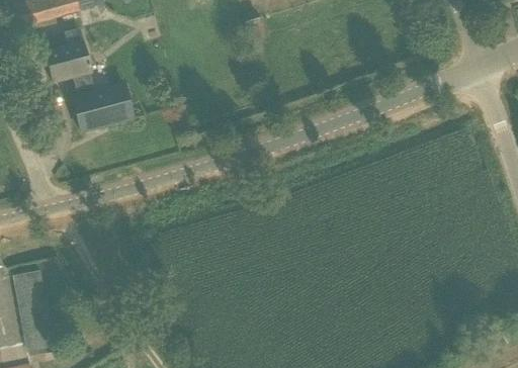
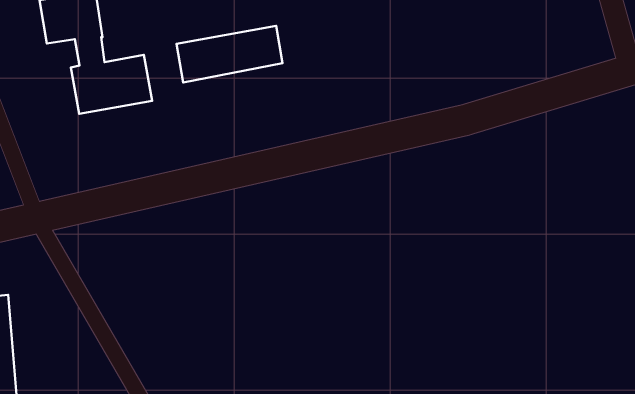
building: none -> [176,26,282,82]

